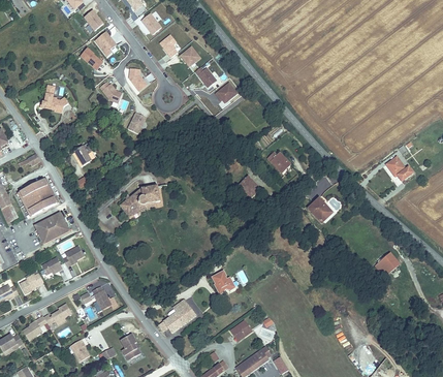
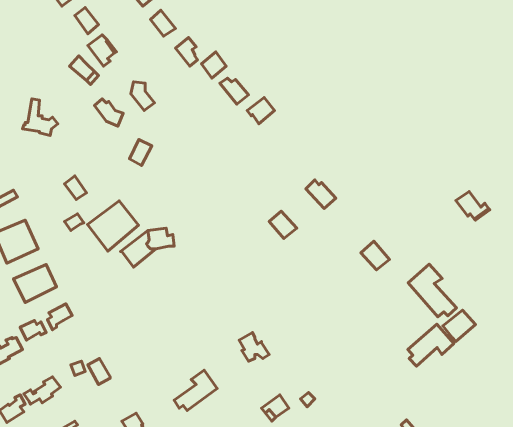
building: none -> [88,201,139,251]
building: none -> [408,264,456,317]
building: none -> [408,324,454,366]

